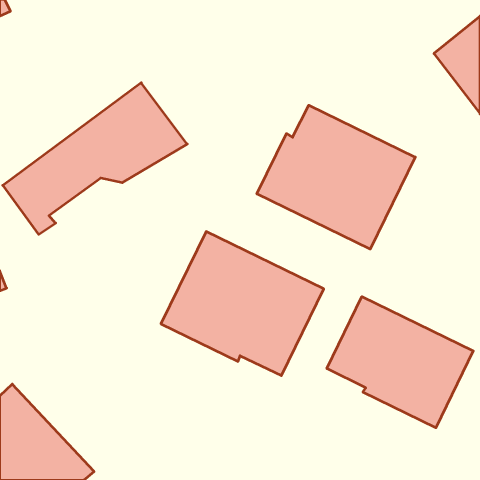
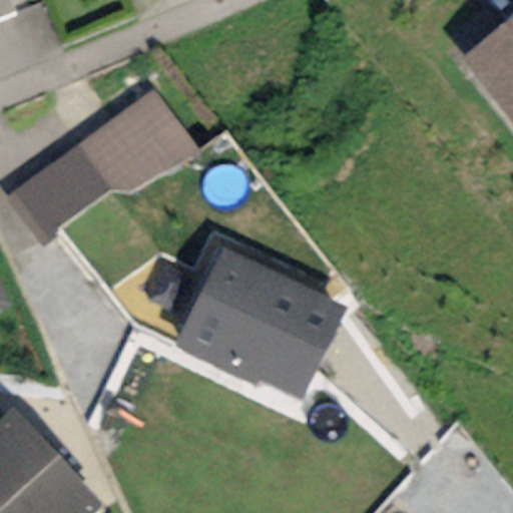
building: [257,105,415,249] -> none
building: [327,297,473,428] -> none

